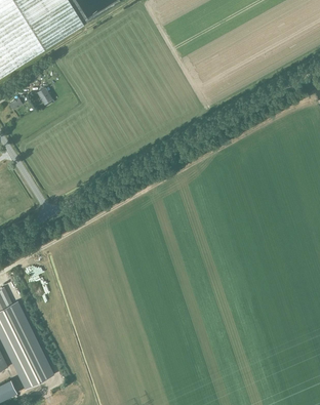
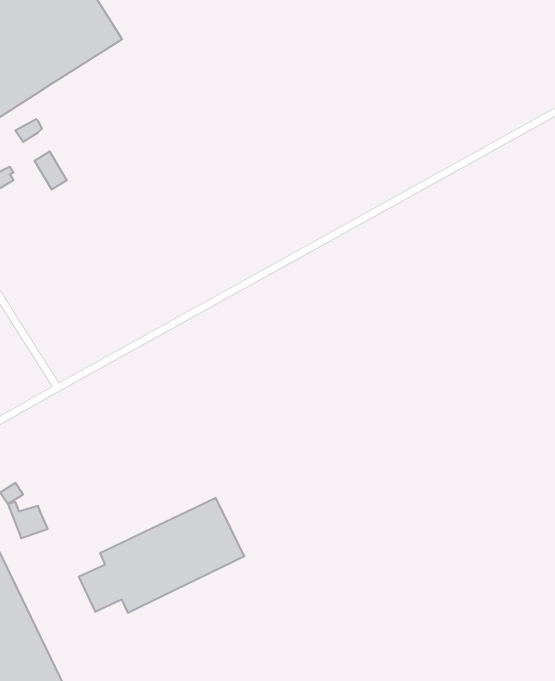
building: none -> [79,498,244,613]

